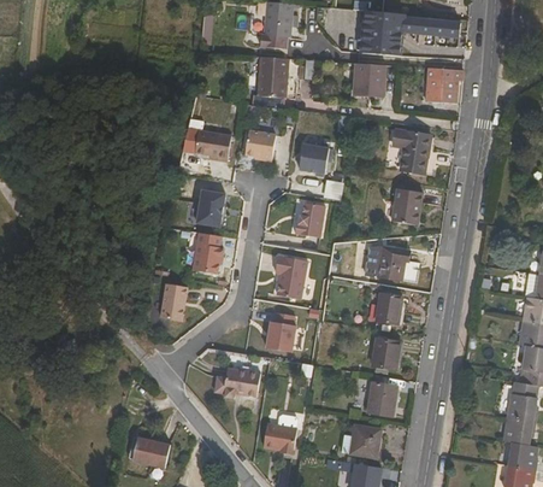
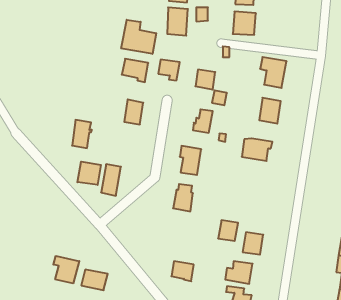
building: [426,66,464,102] -> none
building: none -> [121,20,156,54]
building: [193,233,222,274] -> [72,120,92,148]
building: none -> [77,162,101,185]
building: [376,293,402,323] -> none
building: [372,338,401,368] -> [218,220,238,241]
building: [214,371,259,399] -> none
building: none -> [53,256,79,283]

